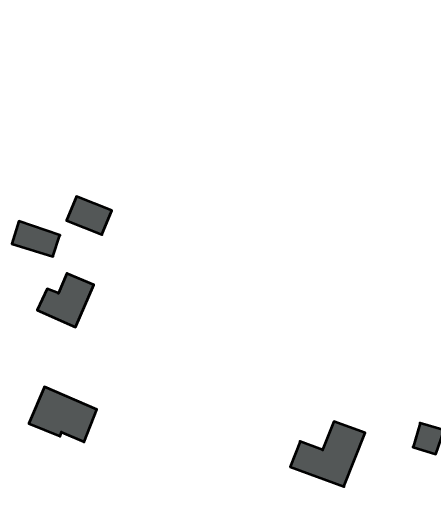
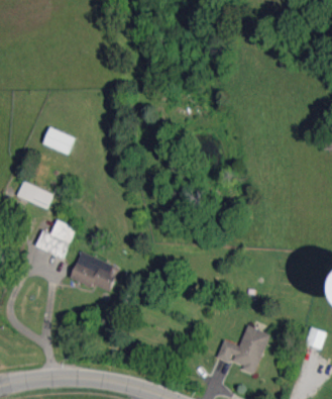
building: [67,197,112,235] -> [41,126,74,154]
building: [29,387,97,442] -> [69,252,117,291]

